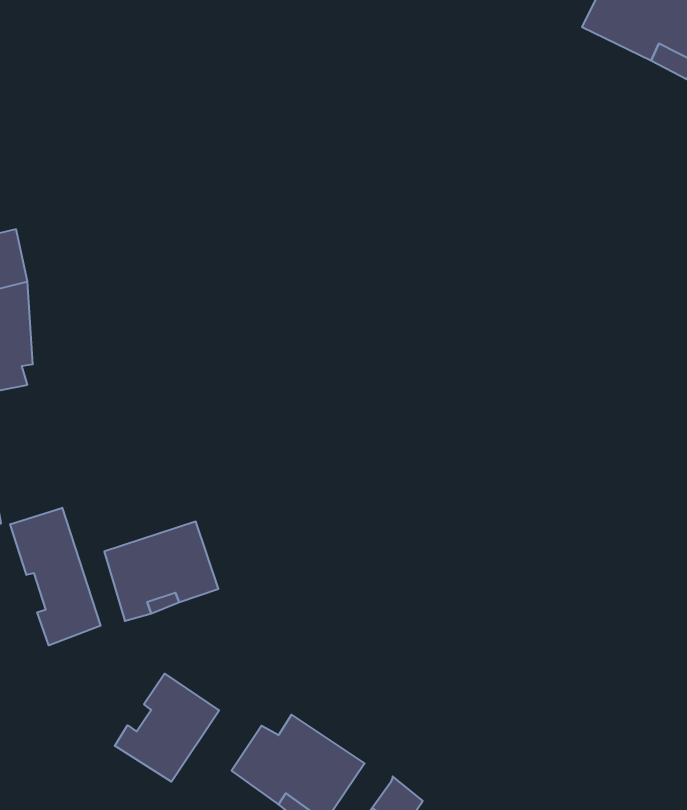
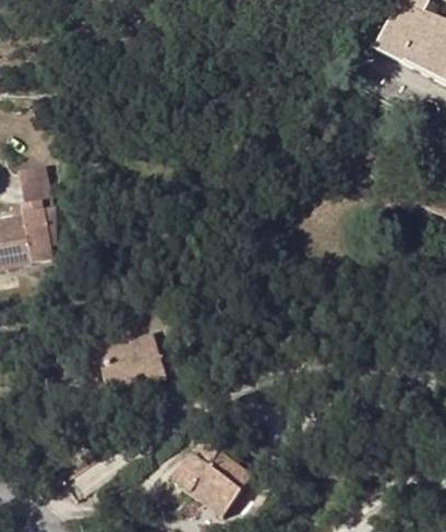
building: [10,508,101,645] -> none
building: [115,674,219,782] -> none

